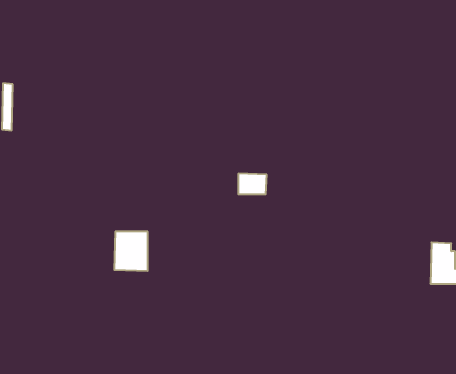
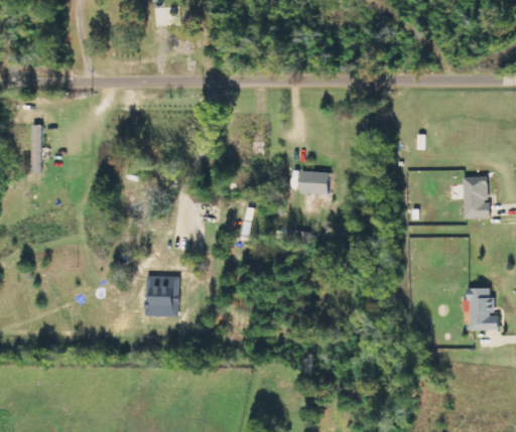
building: none -> [463,176,490,218]
building: [238,174,267,194] -> [300,171,330,192]

